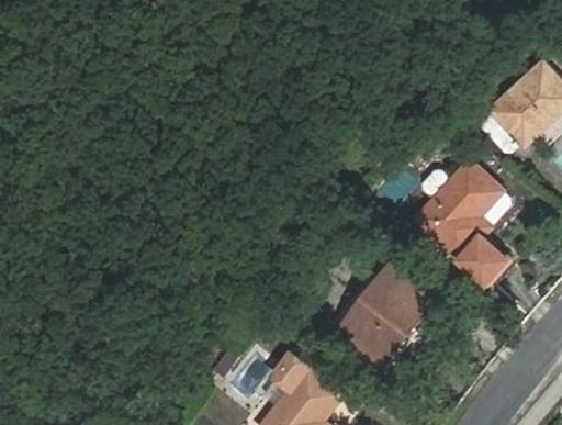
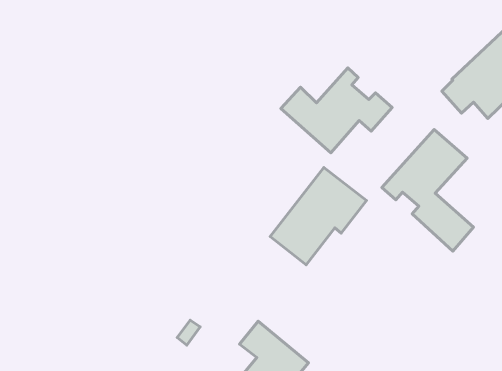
building: none -> [281,68,392,153]
building: [337,266,434,364] -> [270,168,366,265]

